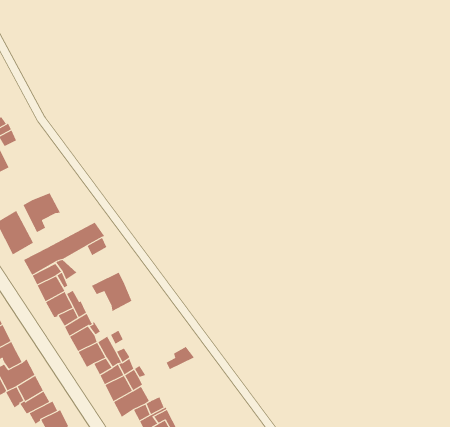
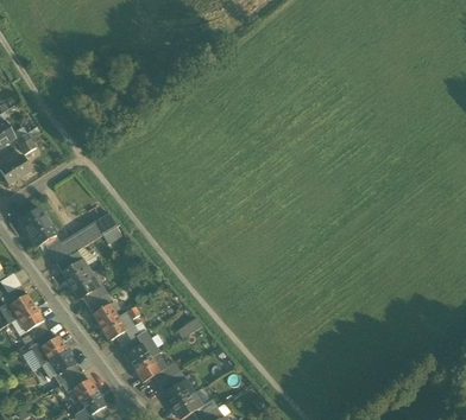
building: [23,192,61,233] -> none
building: [91,272,132,312] -> none

